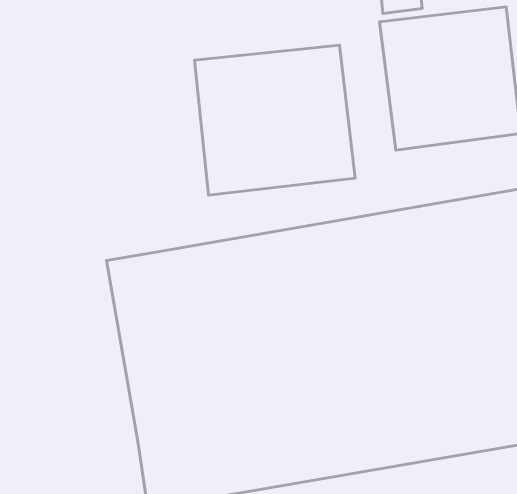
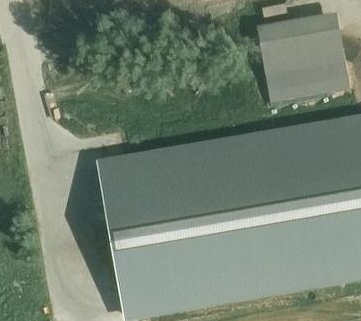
building: [194,45,355,195] -> none

